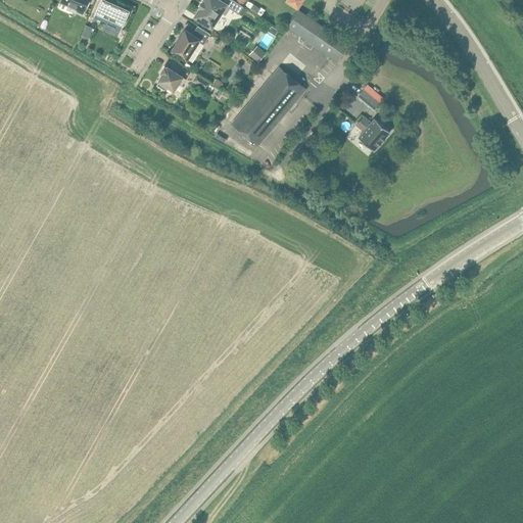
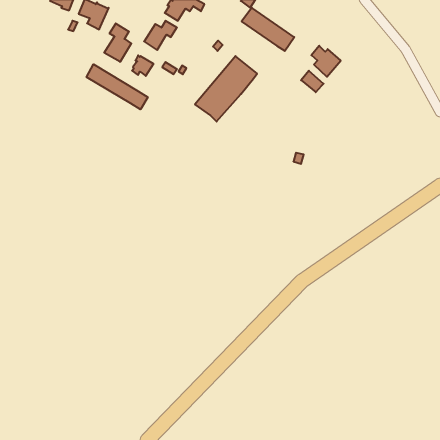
building: none -> [104,23,131,62]
building: none -> [87,64,148,109]
building: [354,113,389,150] -> [311,46,341,77]

